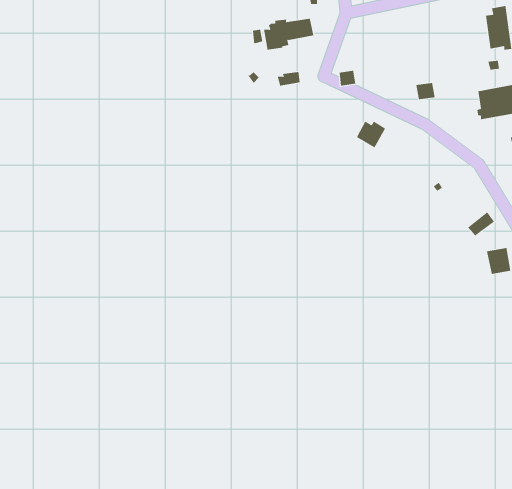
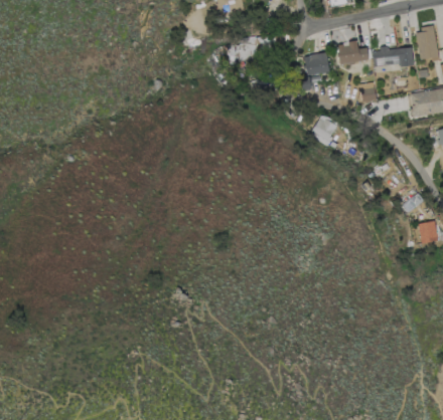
building: none -> [337,40,368,64]
building: none -> [374,46,414,68]
building: none -> [305,52,330,75]

